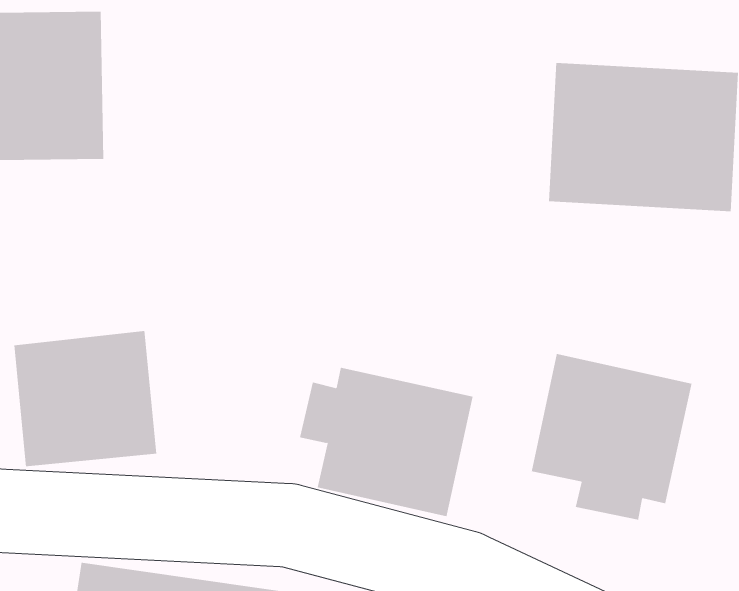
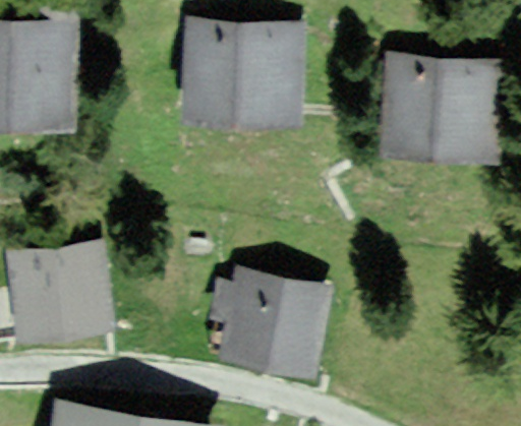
building: none -> [181,23,304,127]
building: [531,353,692,520] -> none

